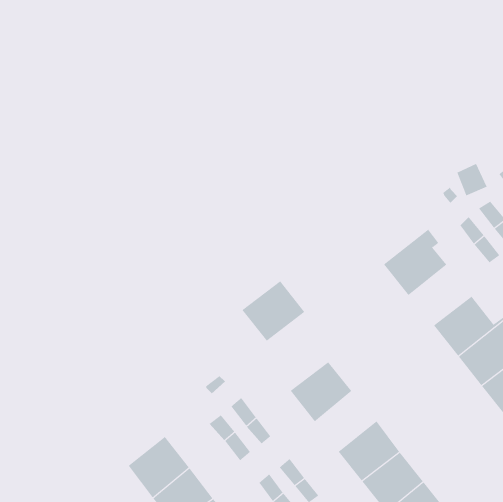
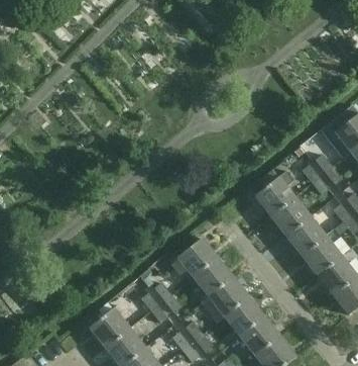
building: none -> [269,196,311,236]
building: [241,281,305,341] -> [176,239,218,278]
building: none -> [209,278,249,317]

